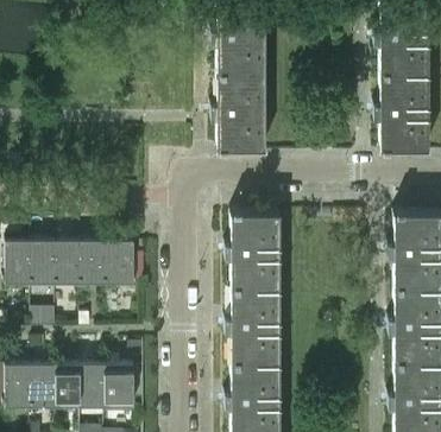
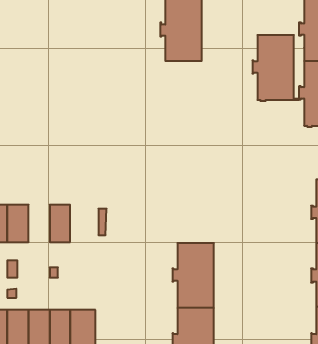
building: [214,74,269,151] -> [252,35,299,101]
building: [228,211,283,287] -> none
building: [59,242,84,286] -> none
building: [108,242,138,286] -> none

